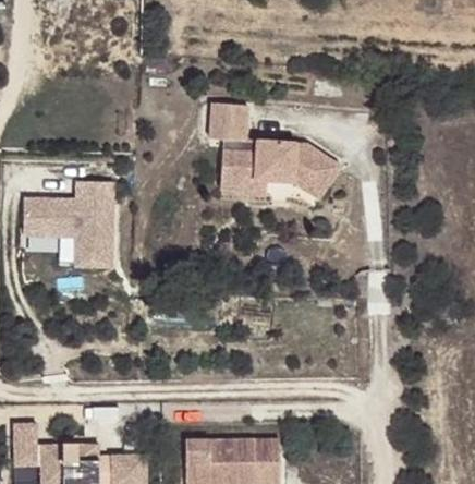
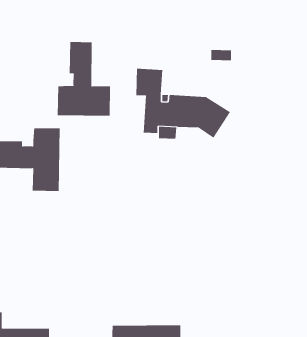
building: none -> [57,41,110,117]

